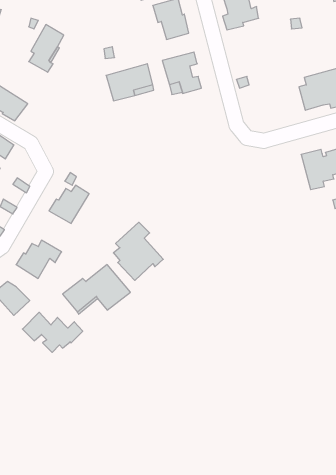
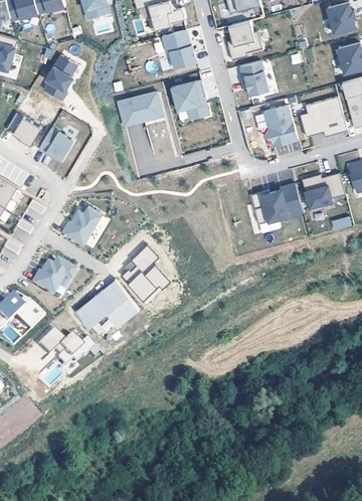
building: none -> [238,60,268,95]
building: none -> [263,104,298,146]
building: none -> [37,128,72,160]
building: none -> [252,183,303,223]

